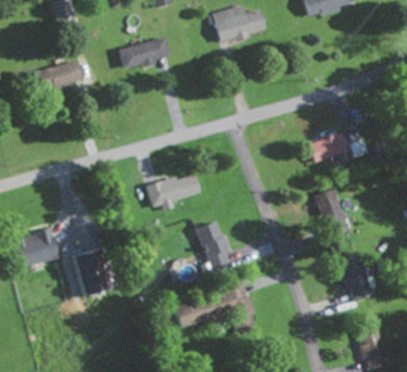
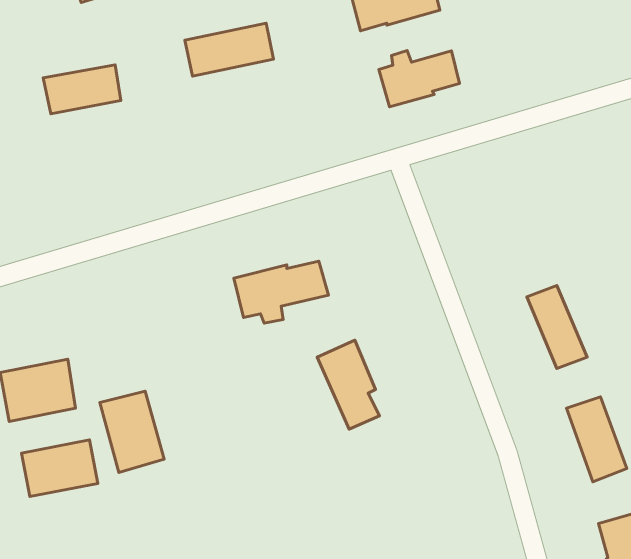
building: none -> [379,50,460,107]
building: [309,133,349,162] -> none
building: none -> [21,440,98,497]
building: [173,285,256,332] -> none

